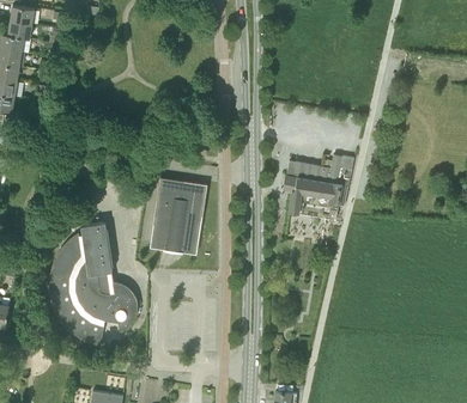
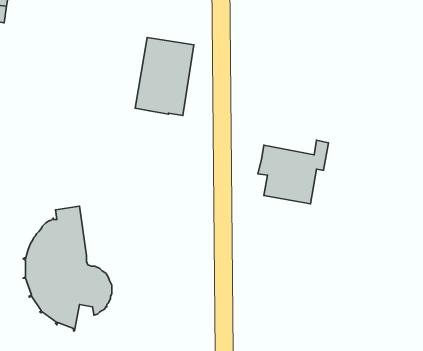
building: [148,177,207,255] -> [135,38,194,115]

